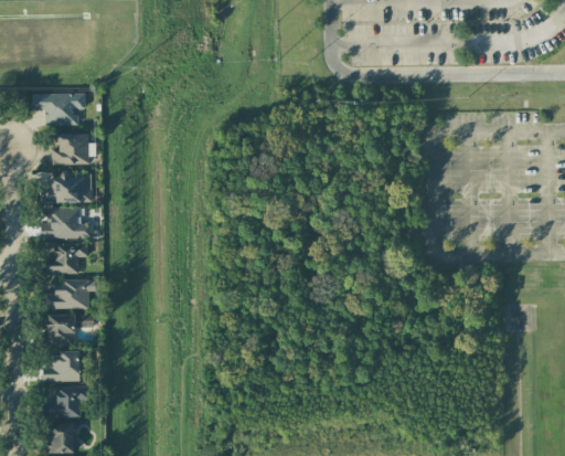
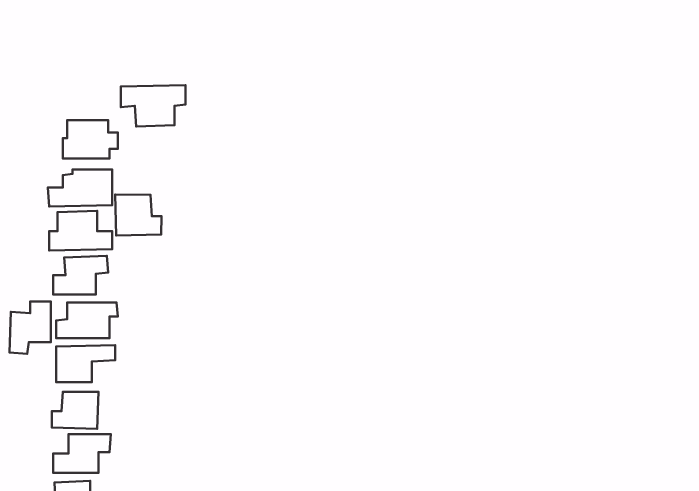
building: [33,93,85,126] -> [121,85,185,126]
building: none -> [115,194,161,235]
building: none -> [9,301,51,354]

